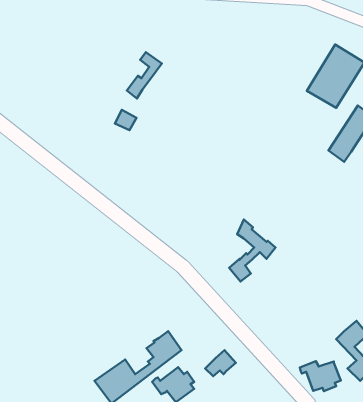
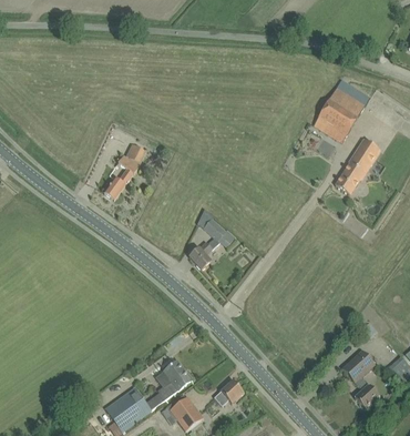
building: [127,52,162,98] -> [104,154,139,200]
building: [229,219,276,281] -> [189,209,235,270]
building: [300,361,341,391] -> none

